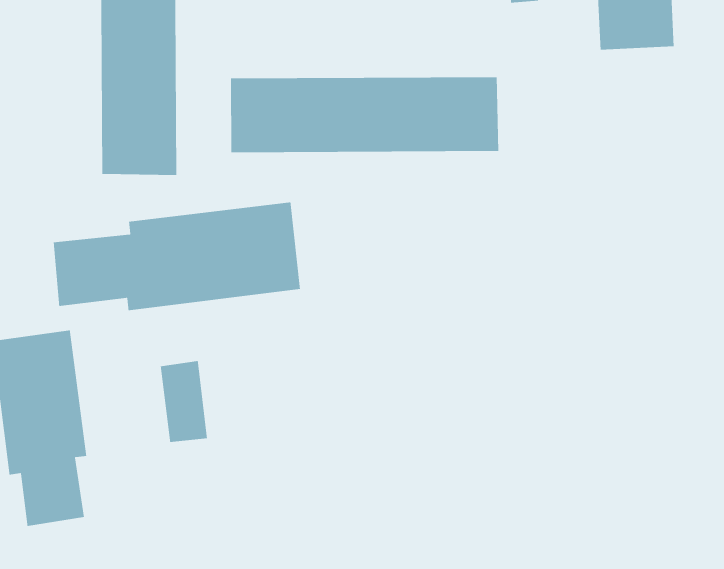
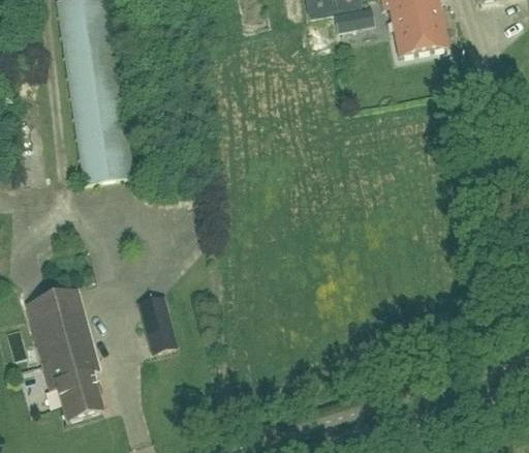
building: [230,77,499,153] -> none
building: [53,202,301,311] -> none

